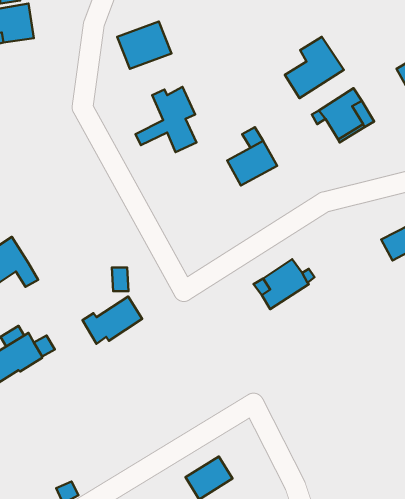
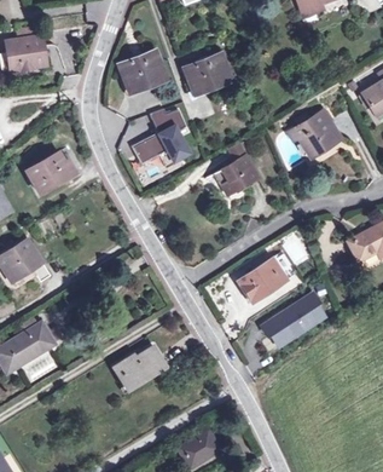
building: none -> [184,53,230,93]
building: [285,37,344,98] -> none
building: none -> [25,151,75,194]
building: [82,296,142,344] -> [112,346,164,387]
building: none -> [261,294,323,346]

